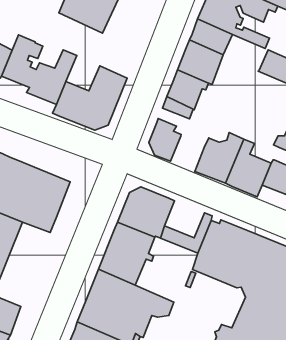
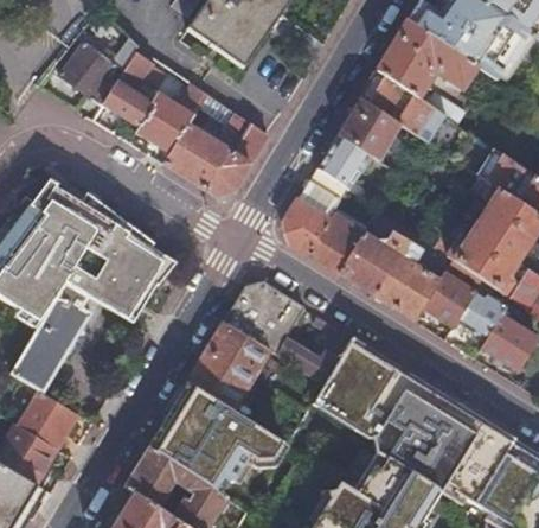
building: none -> [308,223,355,273]

